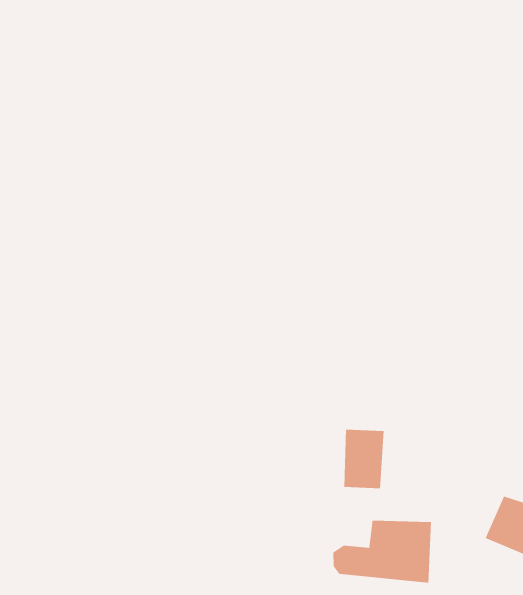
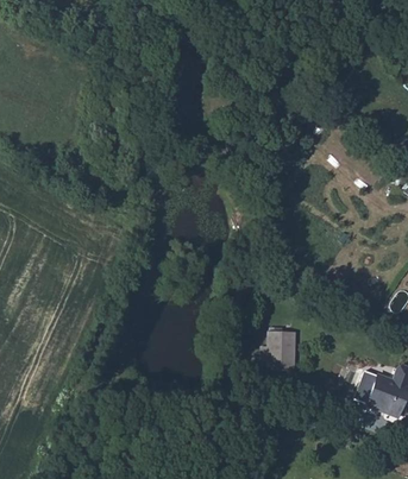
building: [333,520,432,583] -> none

